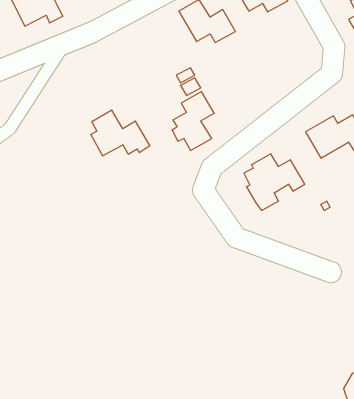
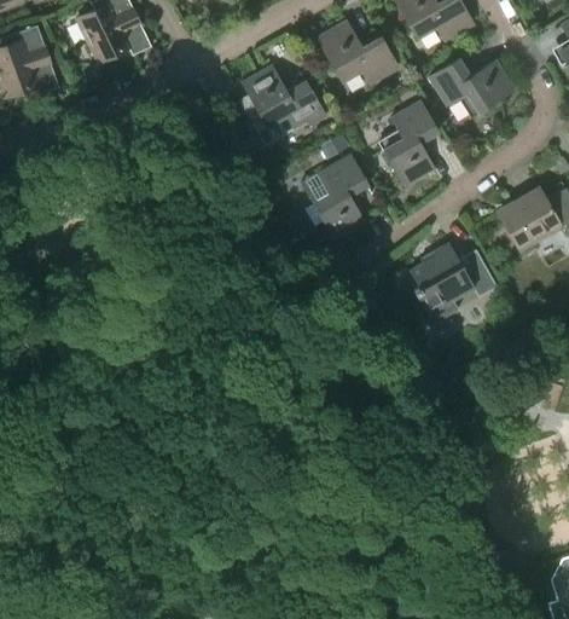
building: none -> [429,58,513,116]
building: none -> [379,102,437,185]
building: [91,110,150,156] -> [240,65,325,131]

